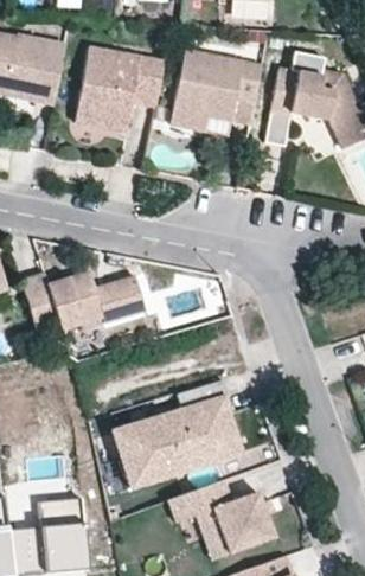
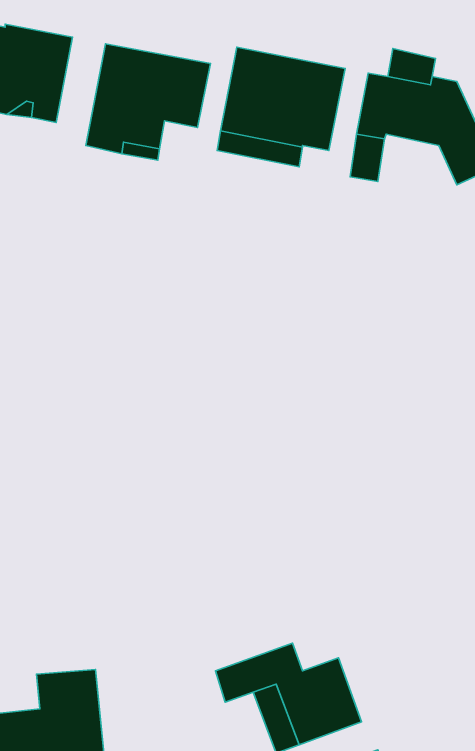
building: [21,270,146,335] -> none
building: [113,396,241,487] -> none

